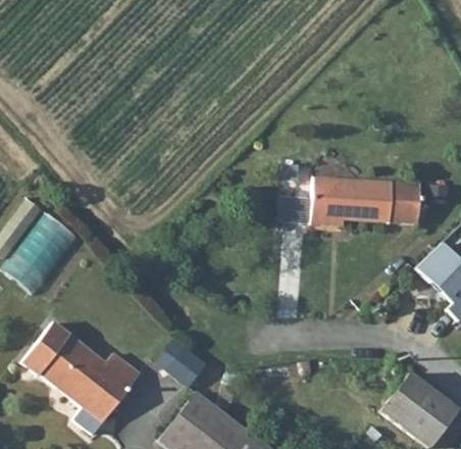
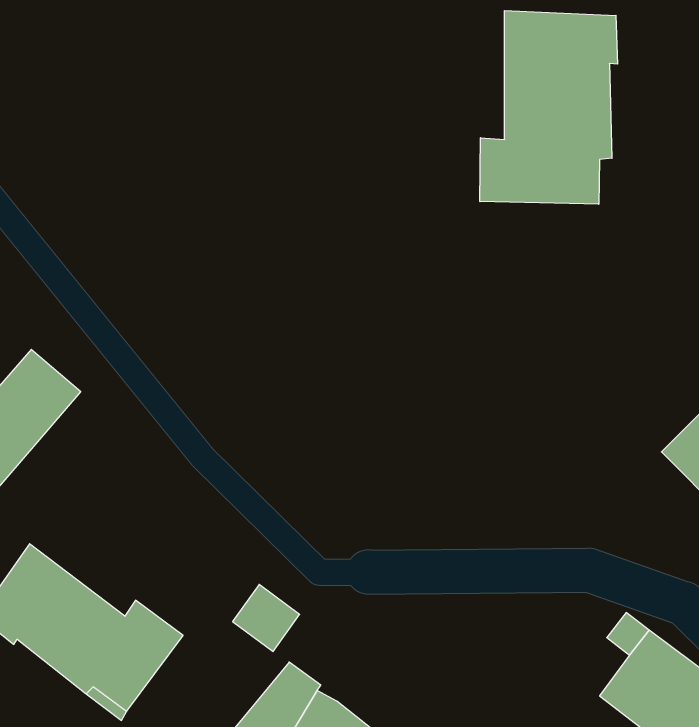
building: none -> [480,11,617,204]
building: [314,179,422,226] -> none

